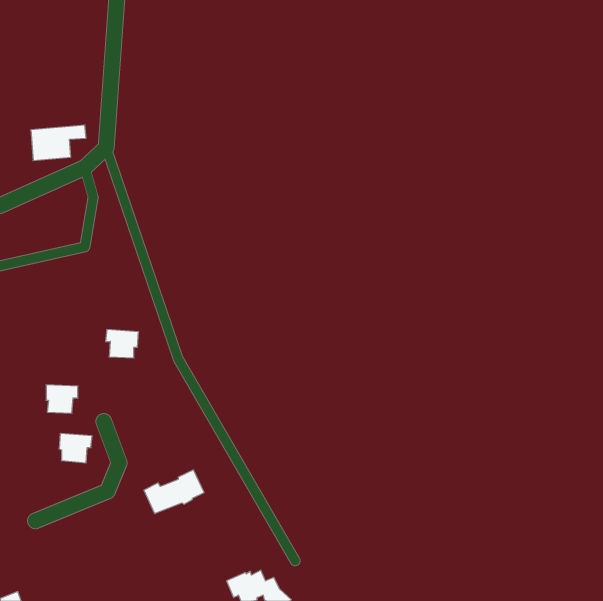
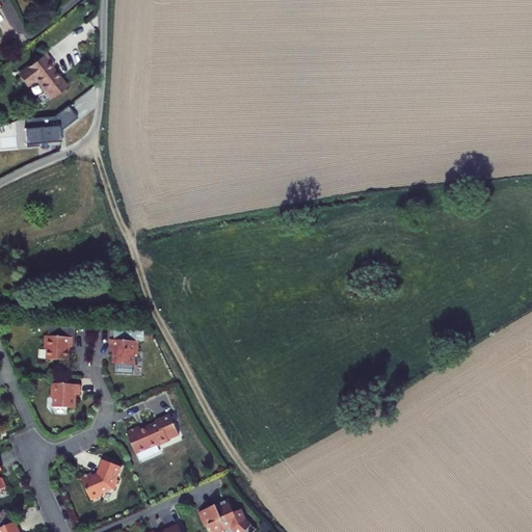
building: none -> [12,56,61,101]
building: [106,330,139,358] -> [105,342,134,367]
building: none -> [82,458,122,499]

